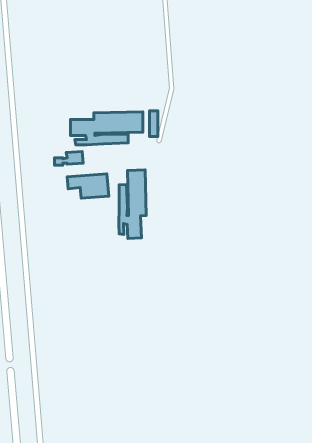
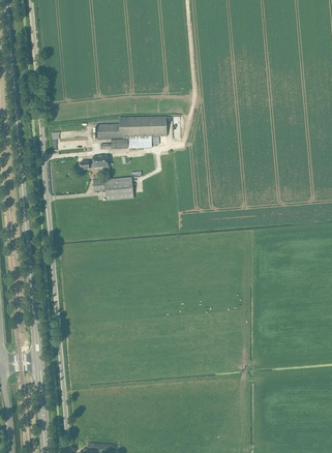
building: [119,170,146,238] -> none

